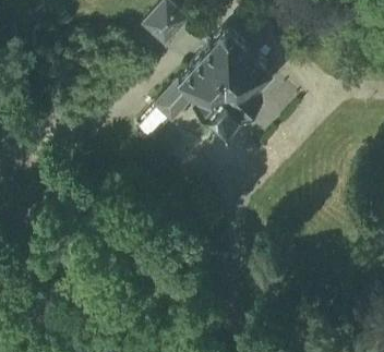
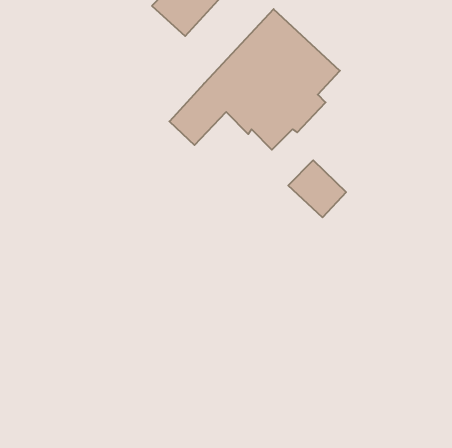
building: none -> [288,160,346,217]

